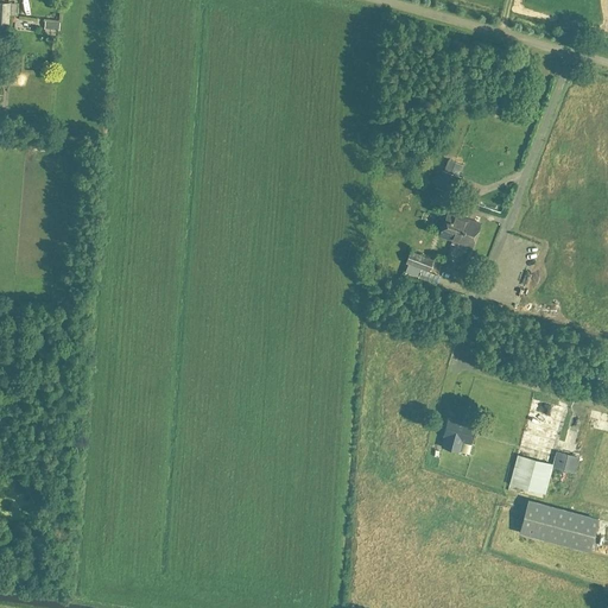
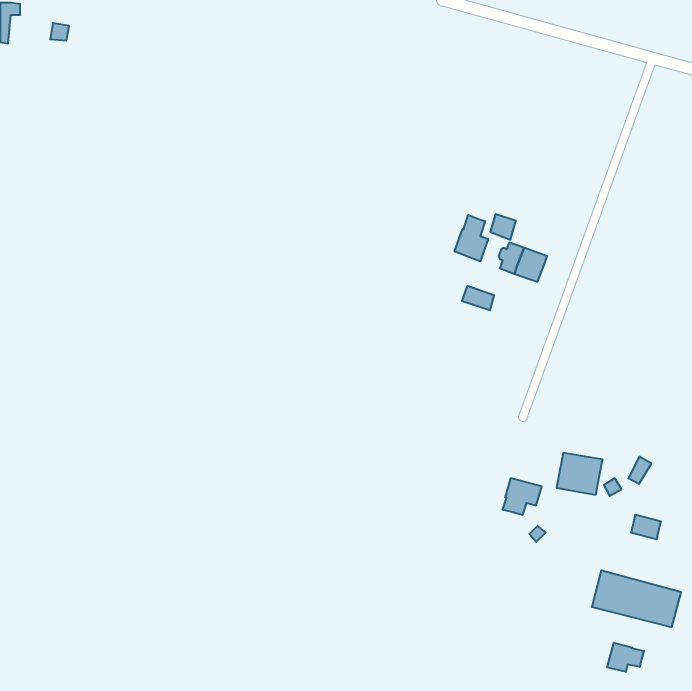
building: none -> [455,215,488,261]
building: [512,454,552,490] -> [557,453,603,495]
building: none -> [607,643,644,672]

